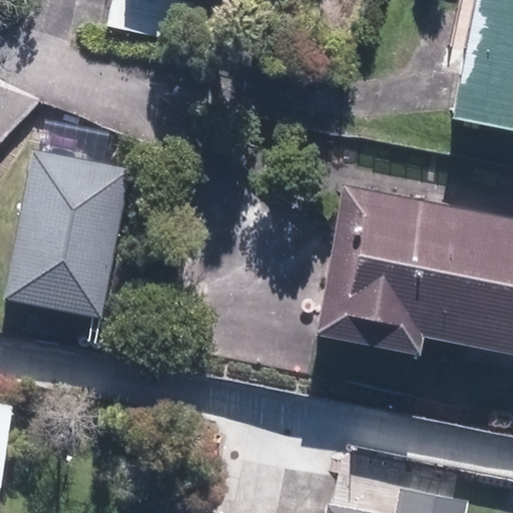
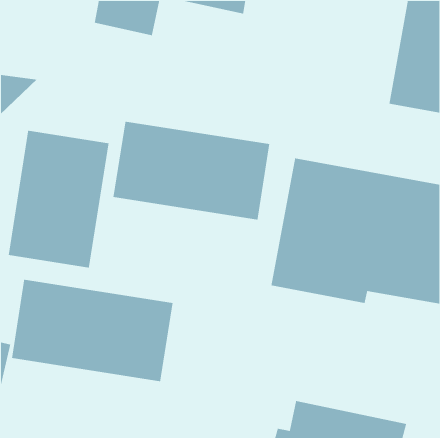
building: none -> [113,121,270,221]
building: none -> [11,279,173,382]

